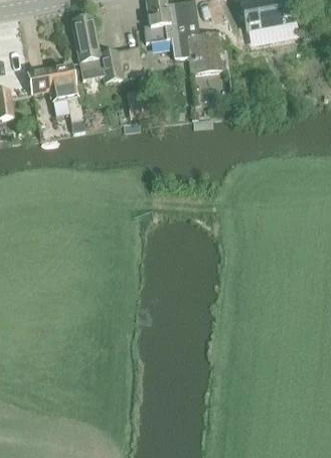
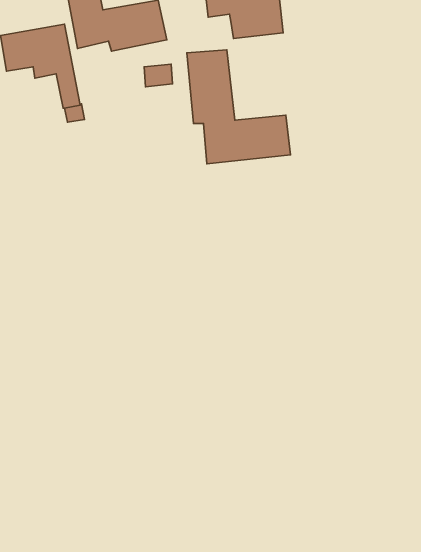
building: none -> [187,50,290,164]

